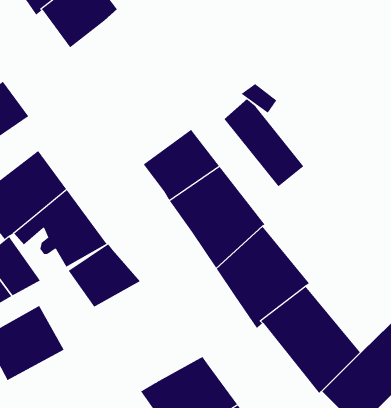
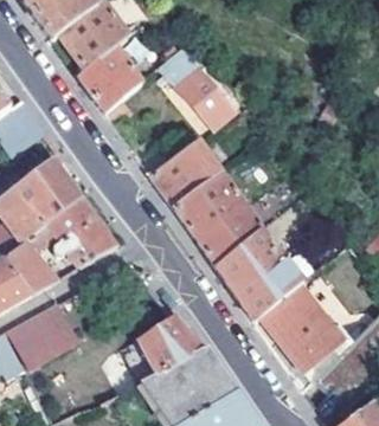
building: none -> [79,44,140,111]
building: [223,98,304,187] -> [159,45,232,125]
building: [68,243,141,307] -> [137,314,204,372]

